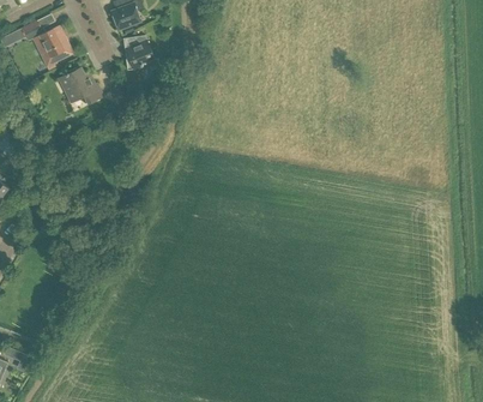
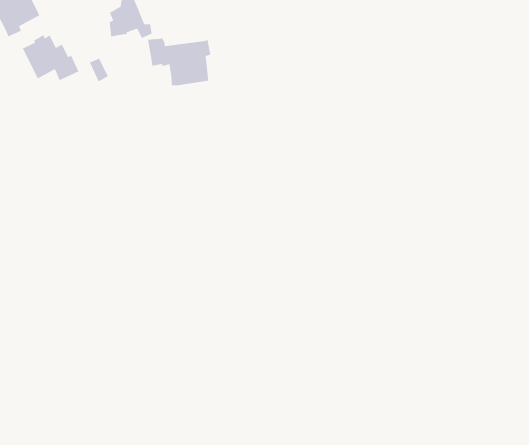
building: none -> [147,38,211,86]

